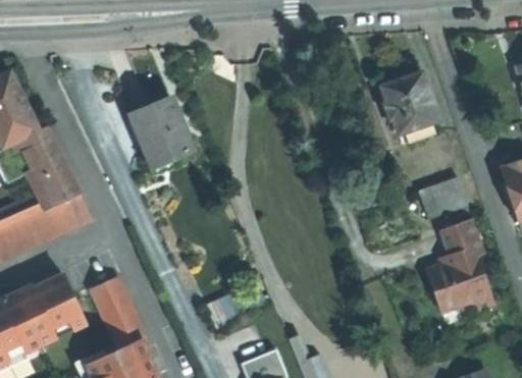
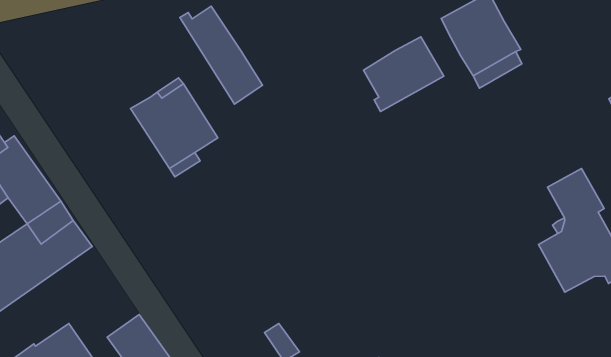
building: none -> [180,6,263,104]
building: none -> [363,37,444,111]
building: [419,177,468,218] -> none

